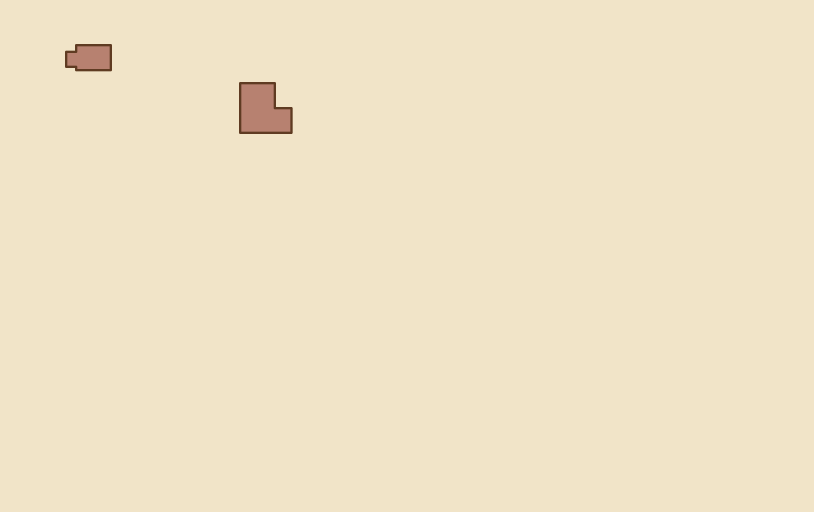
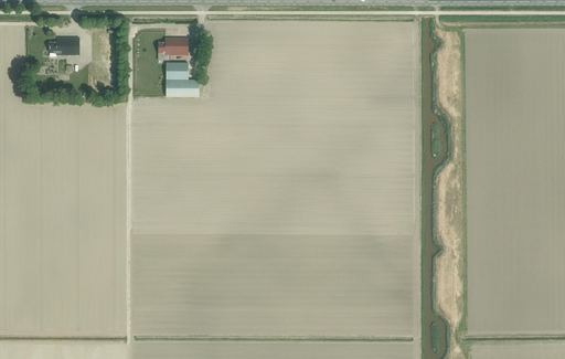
building: none -> [158,38,188,55]

